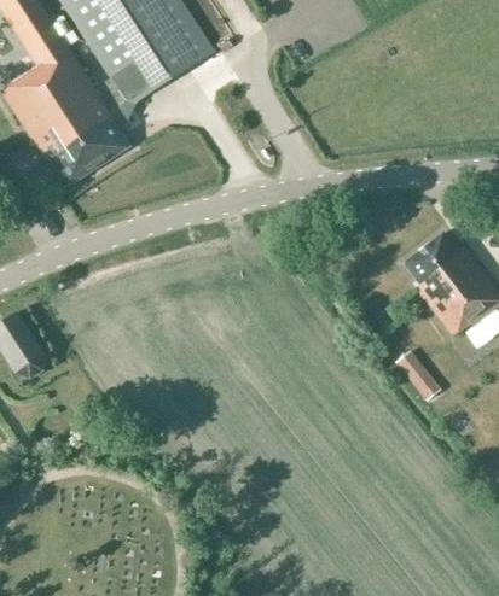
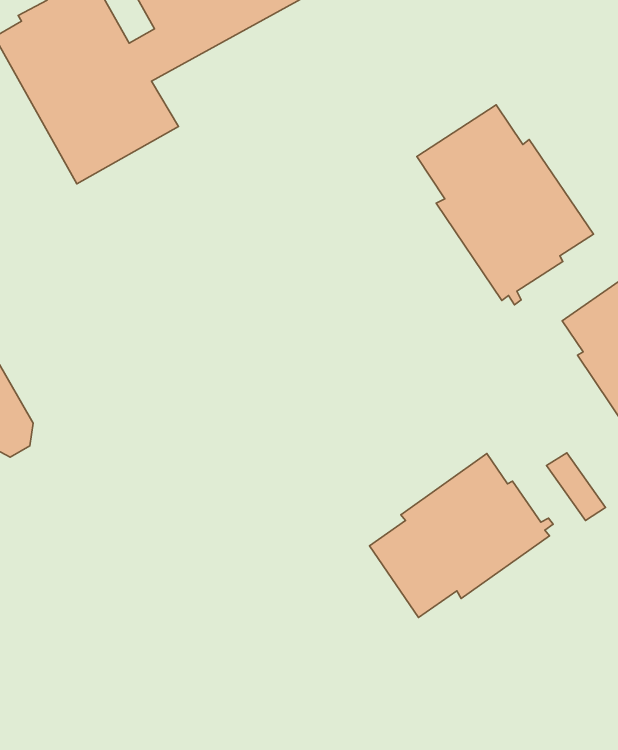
building: none -> [417,105,594,305]
building: none -> [369,453,553,617]

